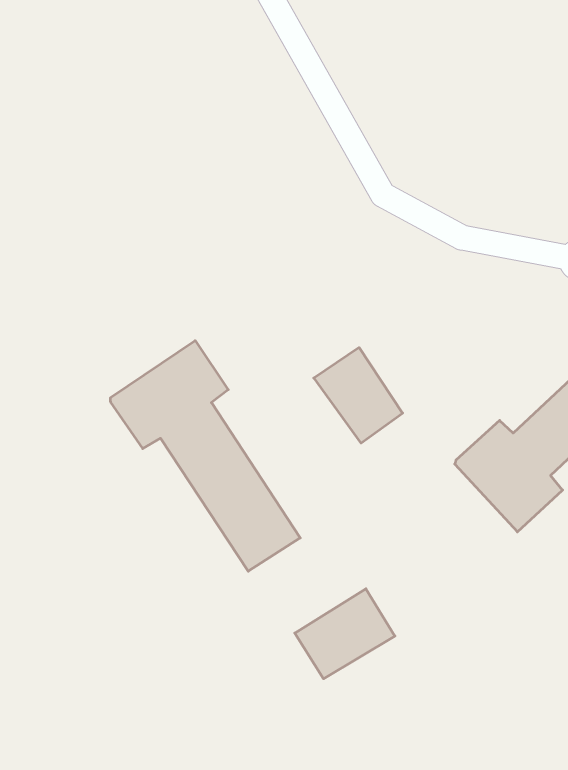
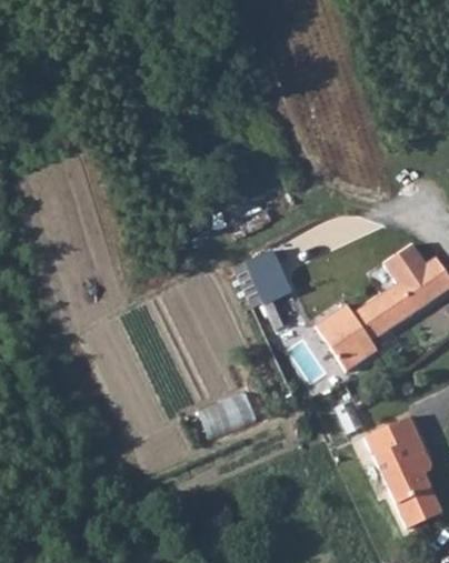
building: [111,341,300,571] -> none

